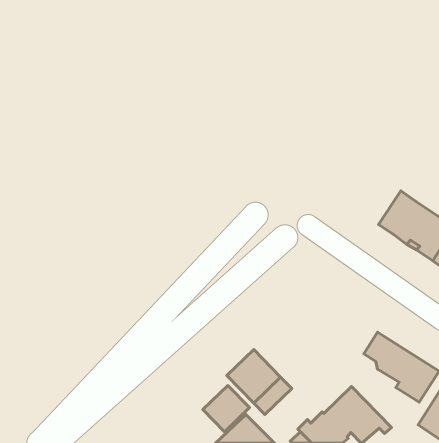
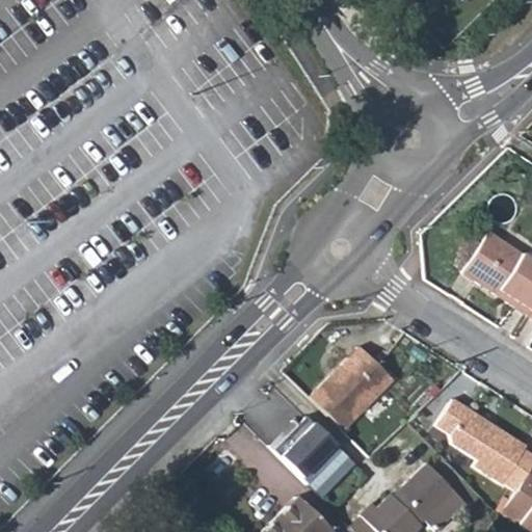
building: none -> [312,345,394,429]
building: [203,385,249,432] -> none

